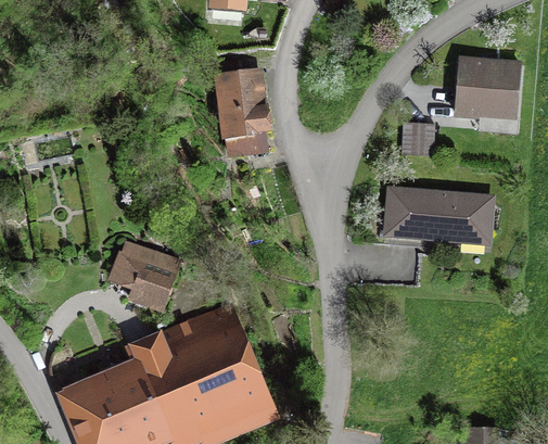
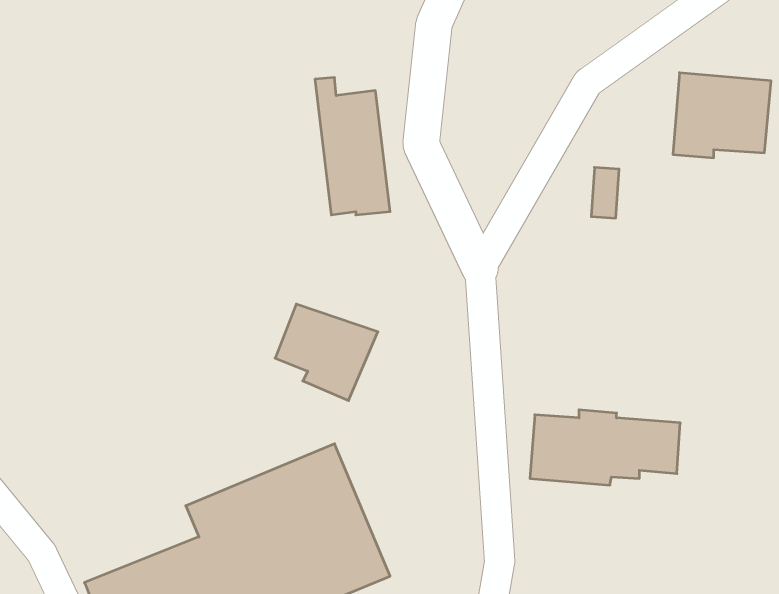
building: [388,191,488,241] -> [530,410,680,485]
building: [112,243,180,307] -> [275,304,378,401]

